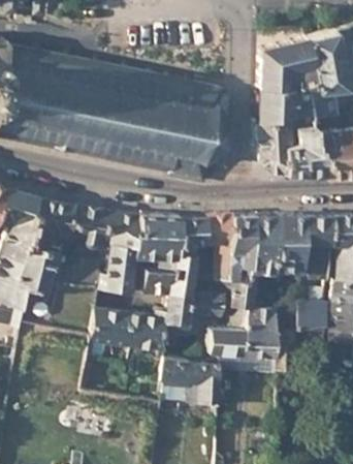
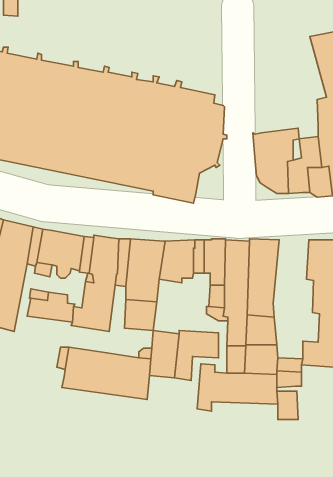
building: [258,38,318,122] -> none
building: [271,215,302,273] -> none
building: [167,249,195,297] -> none
building: [159,358,218,406] -> none

